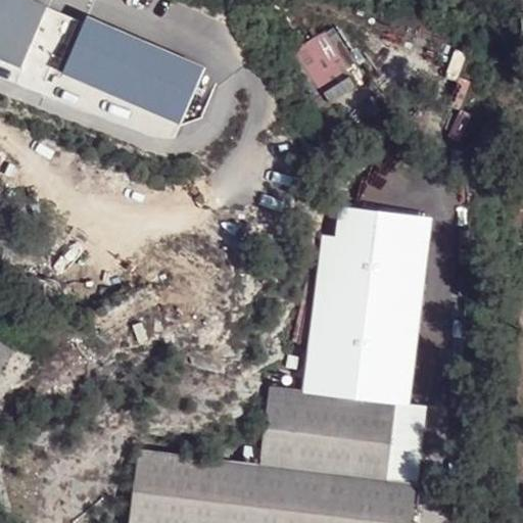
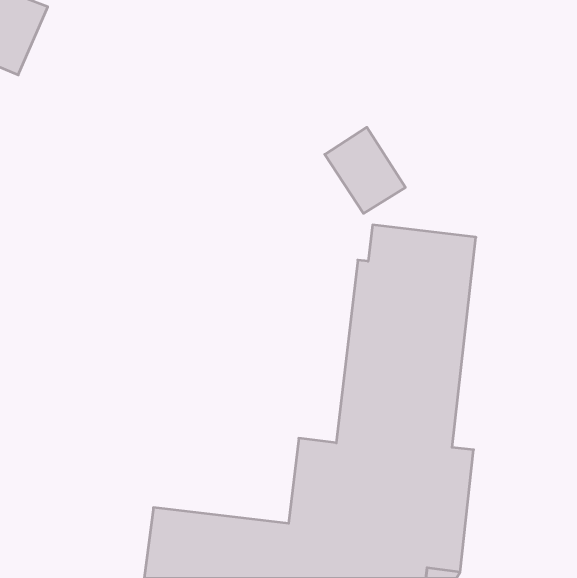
building: [59,19,206,141] -> none
building: [289,26,362,103] -> [325,127,405,213]

